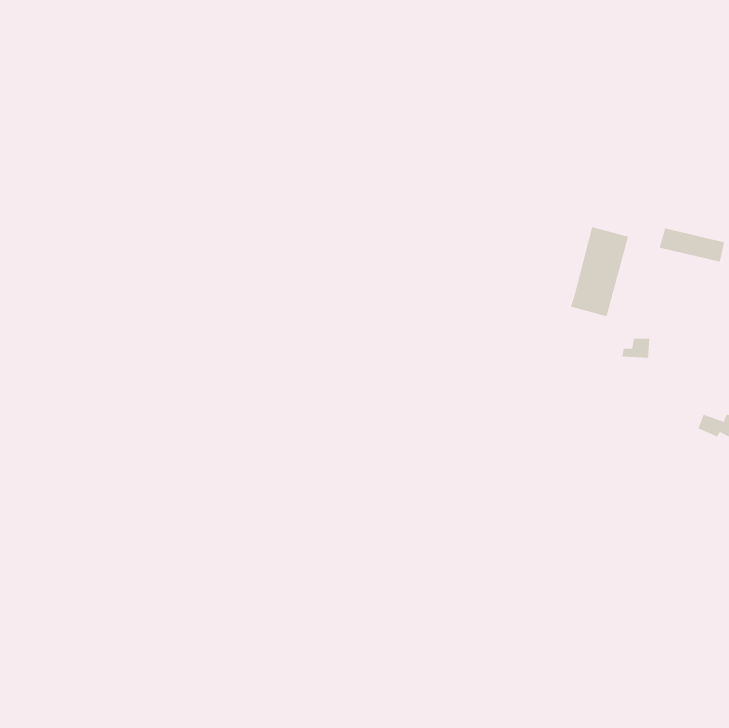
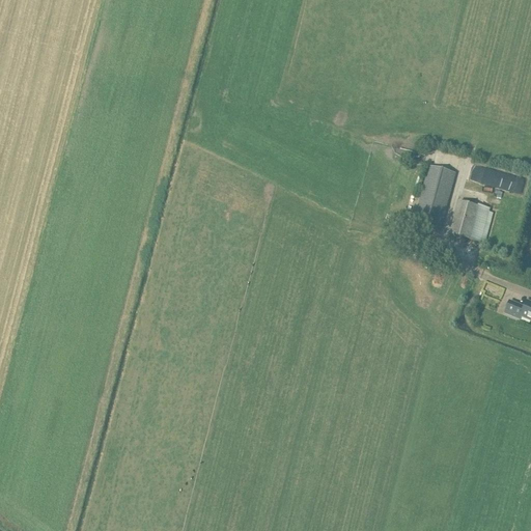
building: none -> [451,199,491,241]

